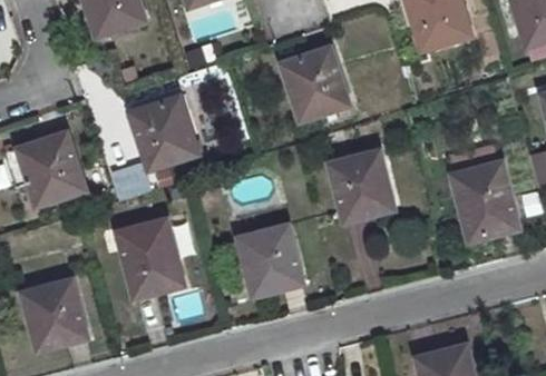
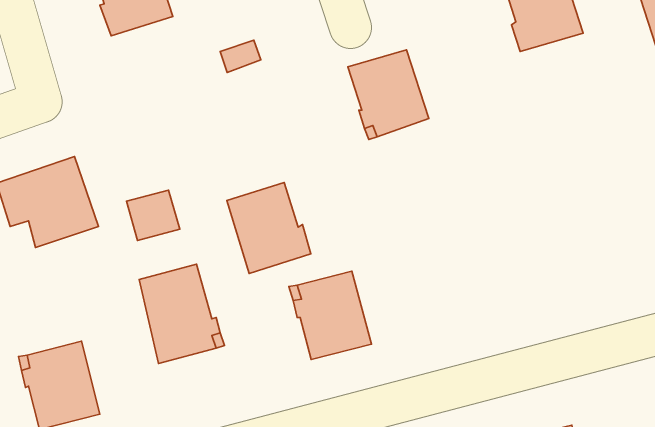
building: [130,97,197,169] -> [227,182,311,273]
building: [329,151,392,220] -> none
building: [456,160,520,239] -> none

